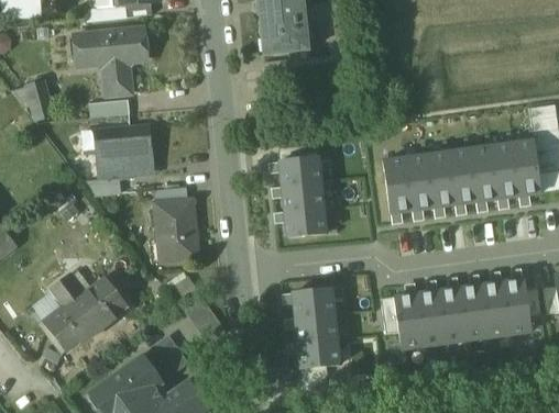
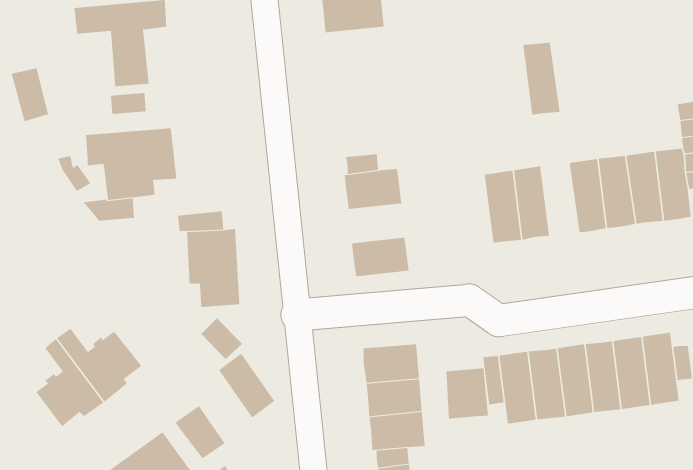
building: [426,152,454,206] -> [523,42,561,115]
building: [281,182,324,212] -> none
building: none -> [446,367,488,419]

